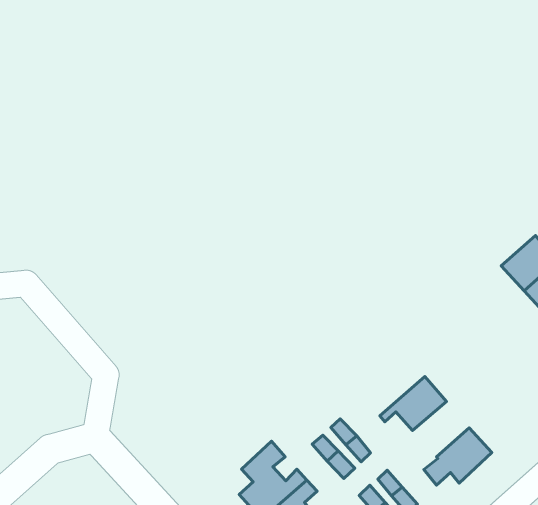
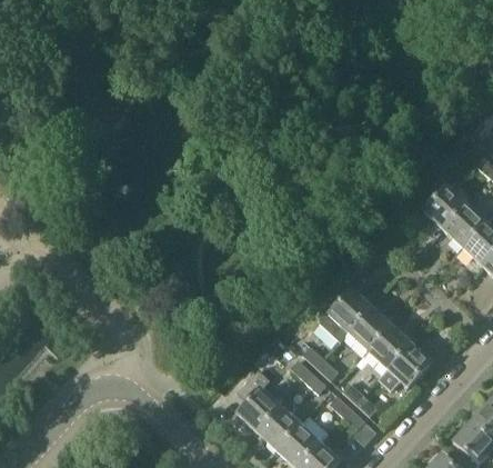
building: none -> [319,288,373,340]
building: none -> [368,323,412,368]

